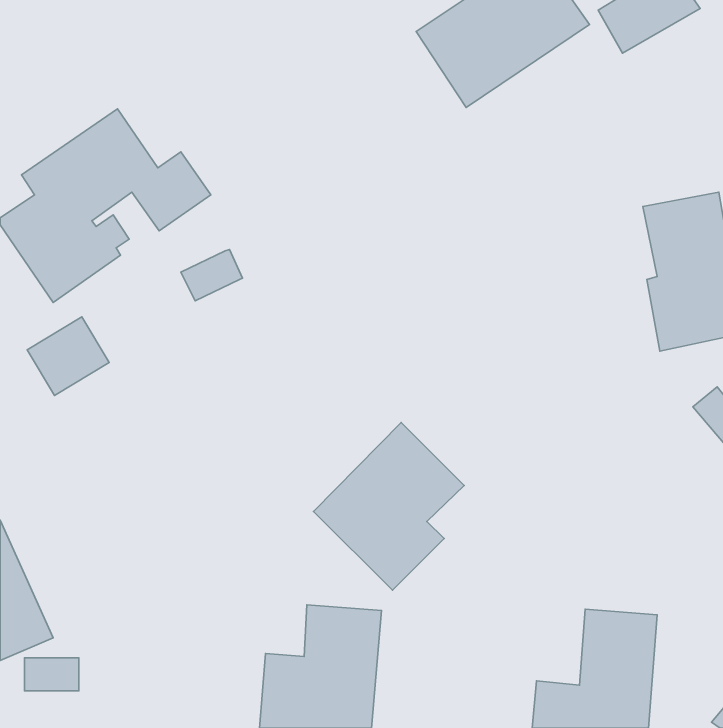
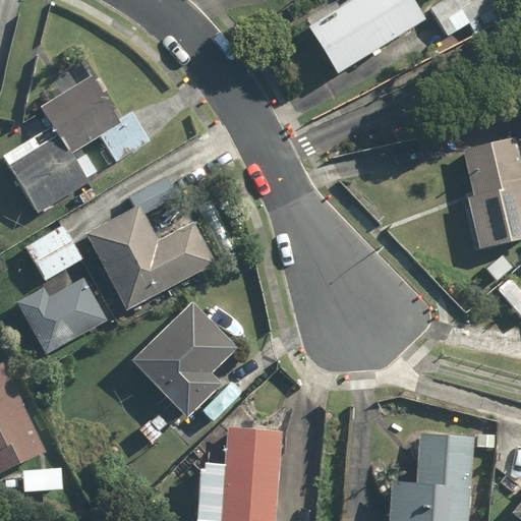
building: none -> [84,206,220,310]
building: none -> [17,275,110,351]
building: [314,423,464,590] -> [129,300,236,419]

